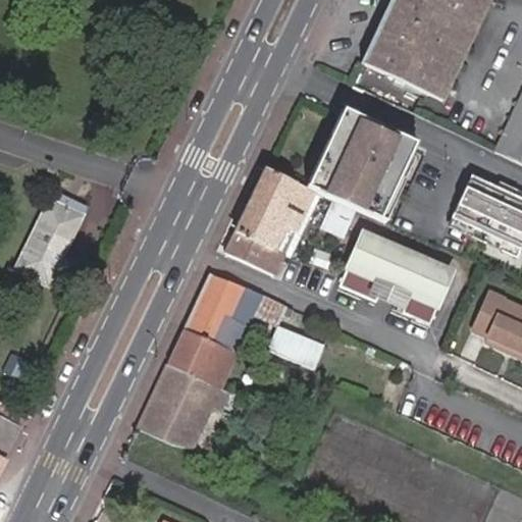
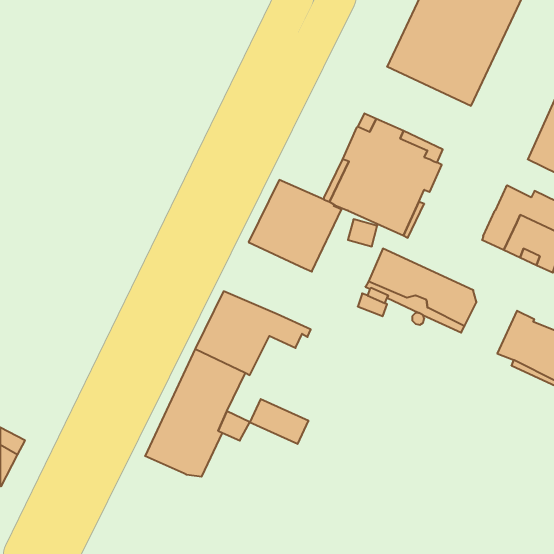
building: [16,191,88,284] -> none
building: [224,226,288,273] -> none
building: [269,325,324,367] -> [250,399,309,444]

